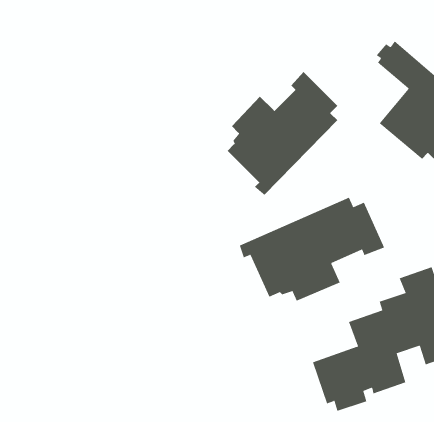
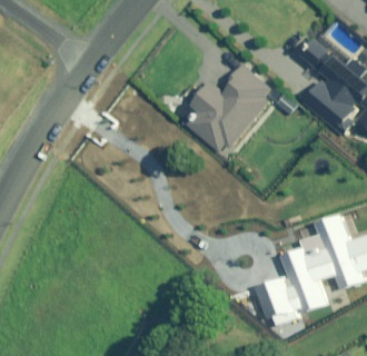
building: [239,197,385,302] -> none

